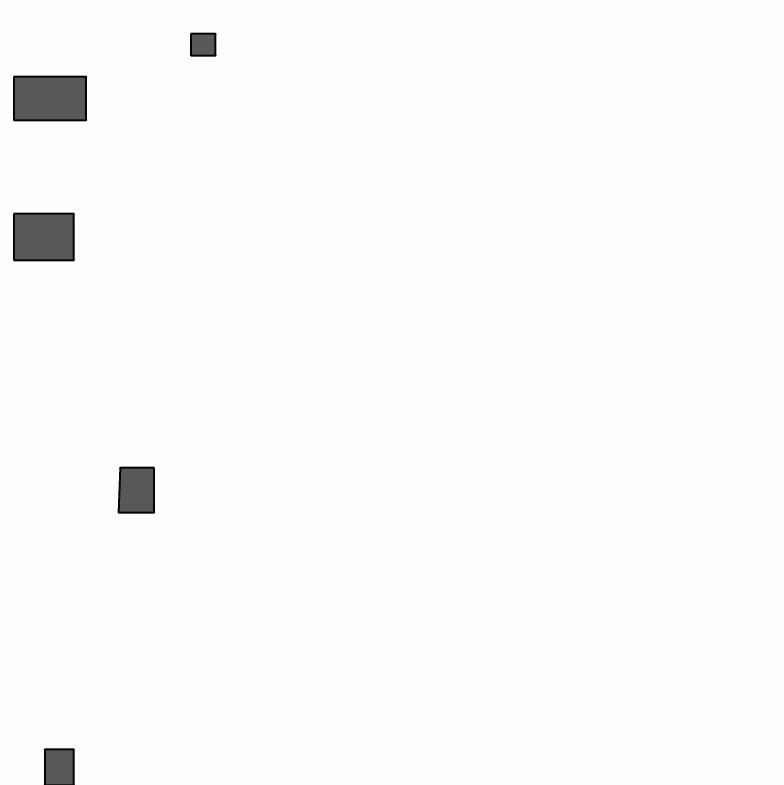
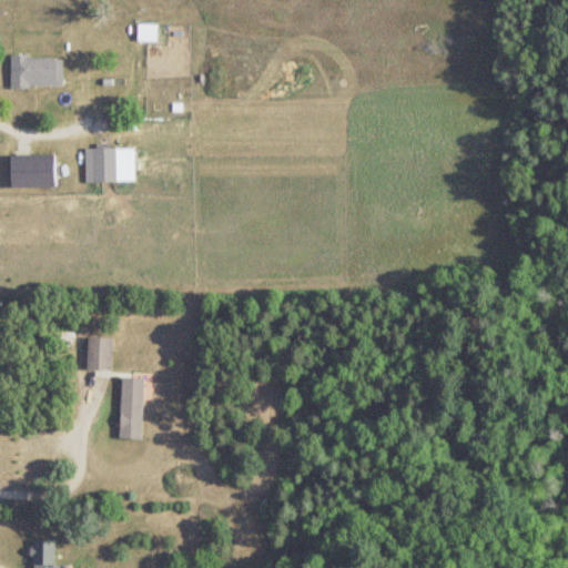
building: none -> [84,148,134,182]
building: none -> [119,375,142,438]

